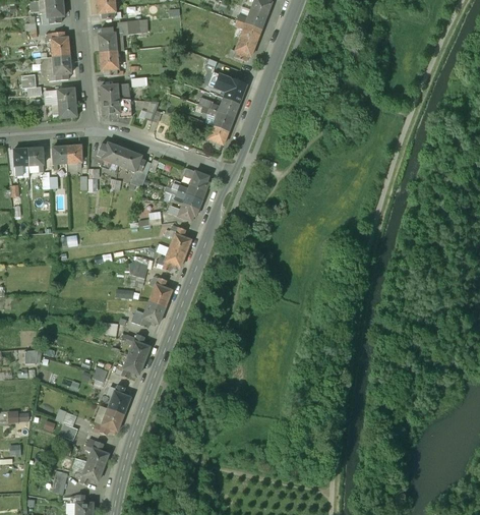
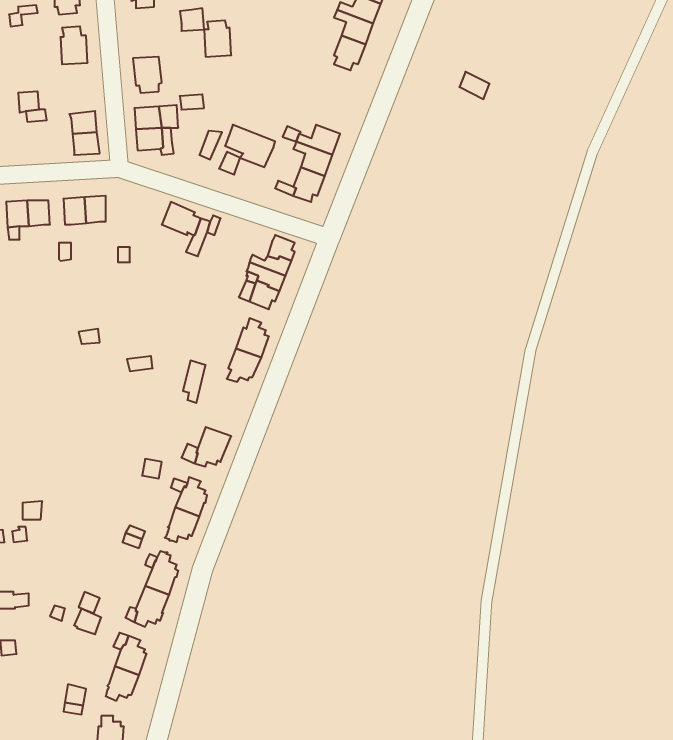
building: [98,27,116,52] -> [204,20,231,57]
building: [51,55,70,79] -> none
building: [212,74,245,103] -> [225,125,275,167]
building: [95,142,124,169] -> none
building: [147,277,171,306] -> none

